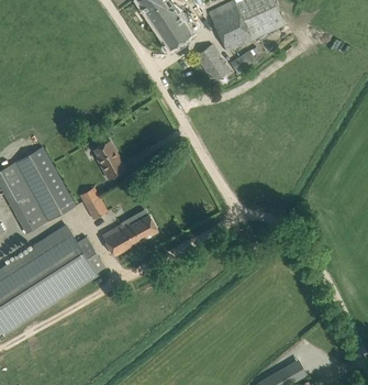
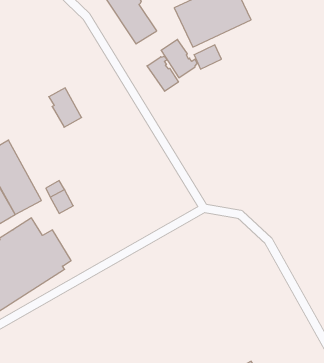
building: none -> [147,56,178,91]
building: [92,141,125,180] -> [49,88,82,127]
building: [102,216,157,256] -> none

